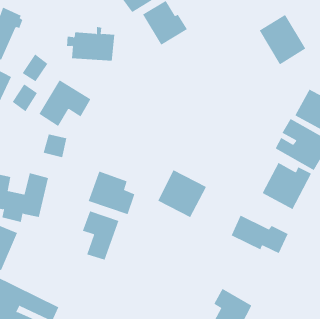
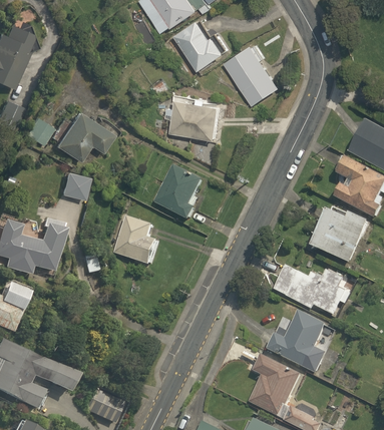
building: [259,14,306,65] -> [225,45,280,104]
building: [66,27,115,61] -> [164,95,222,135]
building: [22,54,48,82] -> none
building: [158,170,207,218] -> [153,161,211,218]
building: [82,210,119,261] -> none
building: none -> [270,311,328,373]

